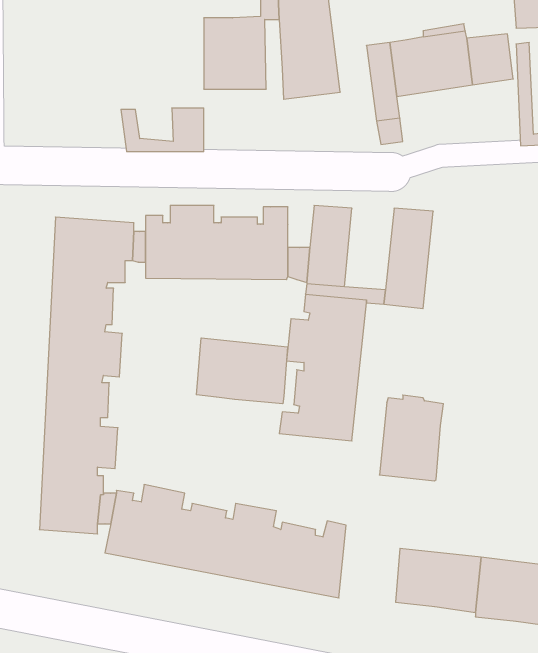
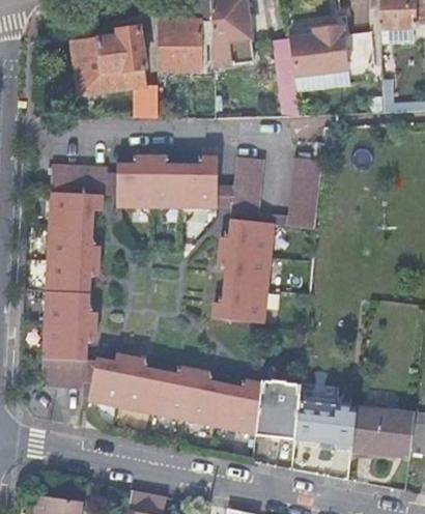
building: none -> [87,27,145,75]
building: [196,338,288,404] -> none
building: [379,395,443,481] -> [254,377,300,438]

